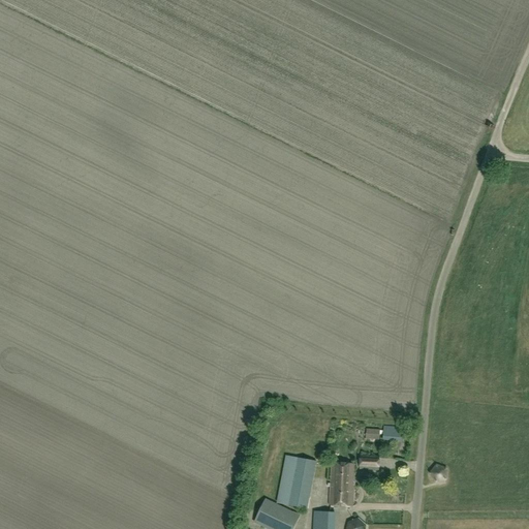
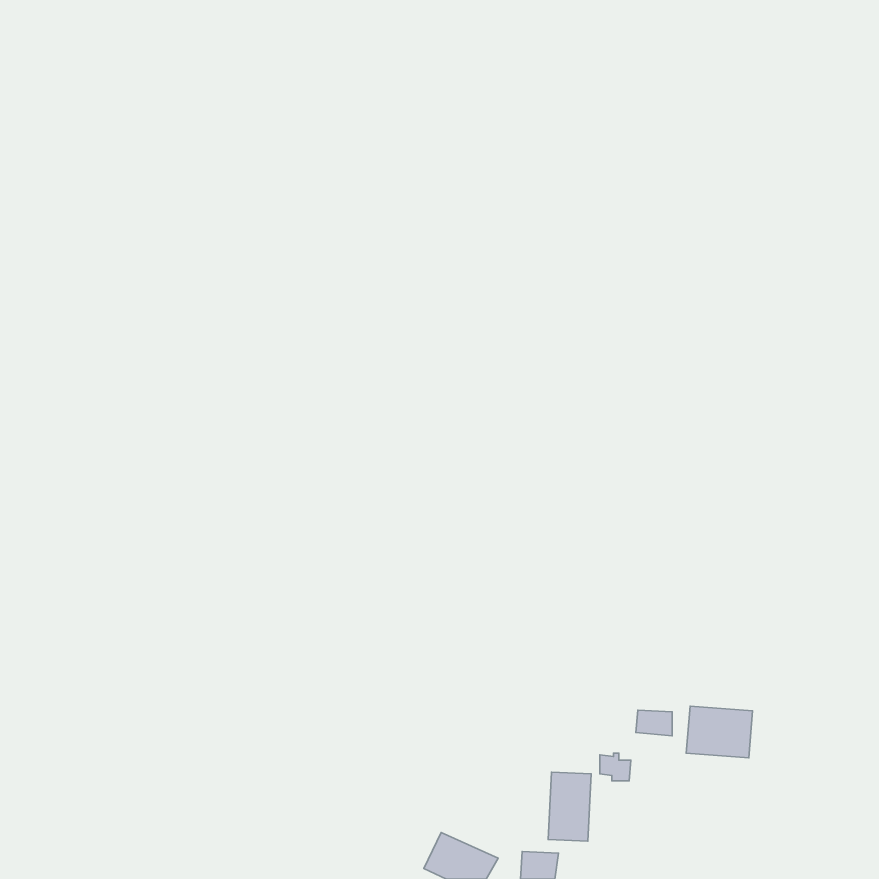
building: none -> [686,706,753,758]
building: [287,457,316,508] -> none

